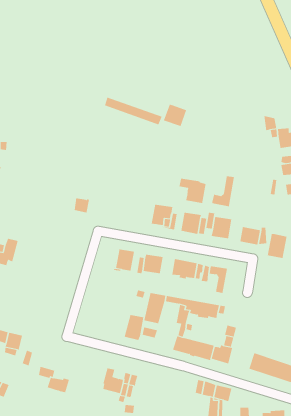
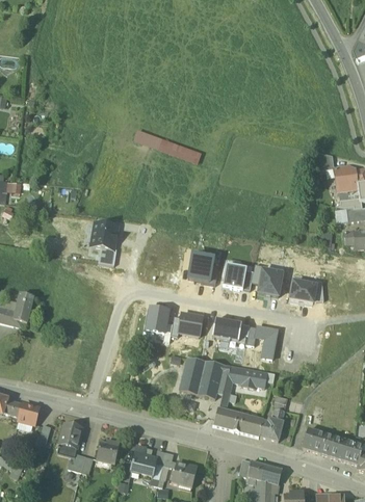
building: [163,104,187,127] -> none
building: [212,175,235,207] -> none
building: none -> [92,222,116,249]
building: [179,178,206,204] -> none
building: [267,233,287,259] -> none
building: [124,314,144,340] -> [197,368,220,398]
building: none -> [58,422,82,448]
building: none -> [96,440,119,464]
building: none -> [171,461,197,490]

